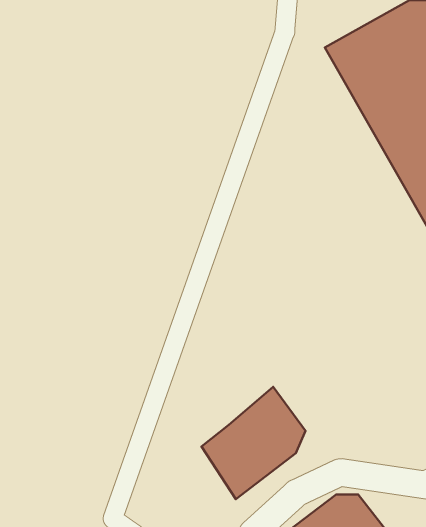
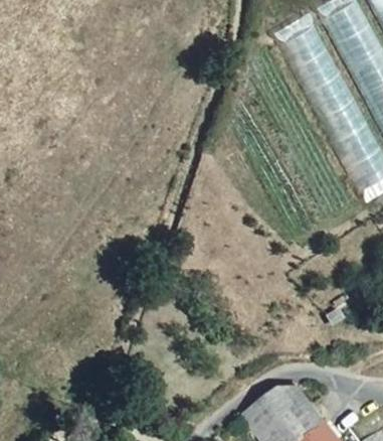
building: [202,387,305,499] -> none

